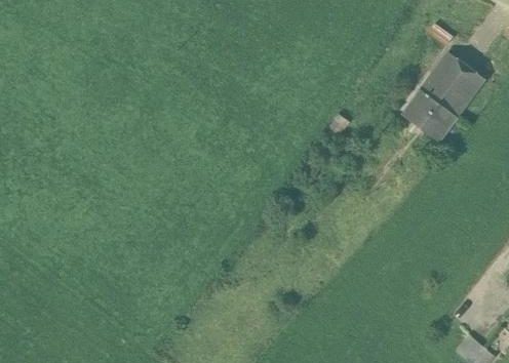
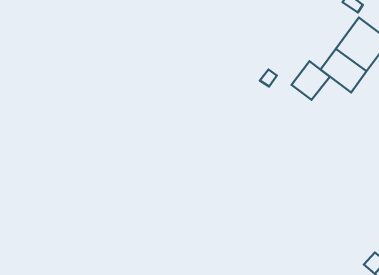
building: none -> [292,61,330,100]

